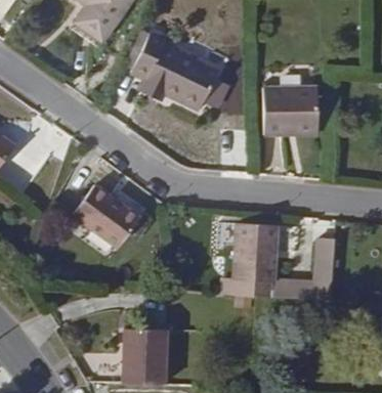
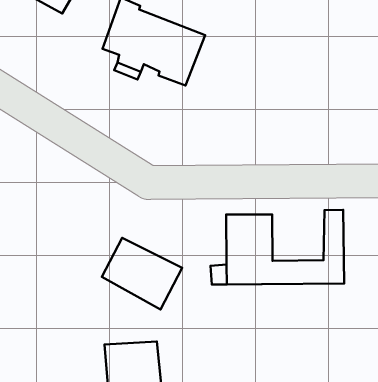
building: [256,92,307,138] -> none
building: [59,182,126,244] -> [102,238,182,310]

